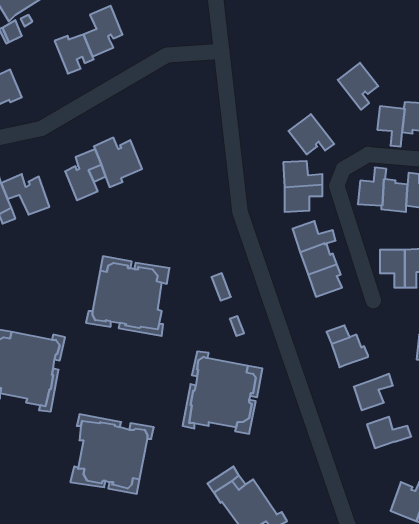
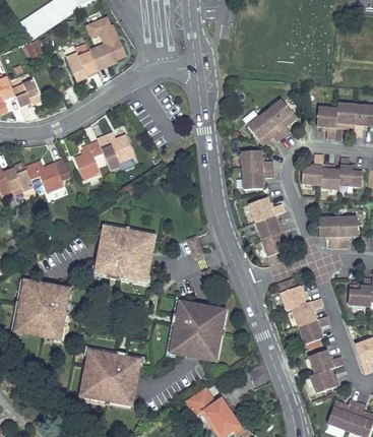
building: [338,63,378,110] -> [265,100,297,136]
building: none -> [293,298,322,325]
building: none -> [311,368,339,392]

